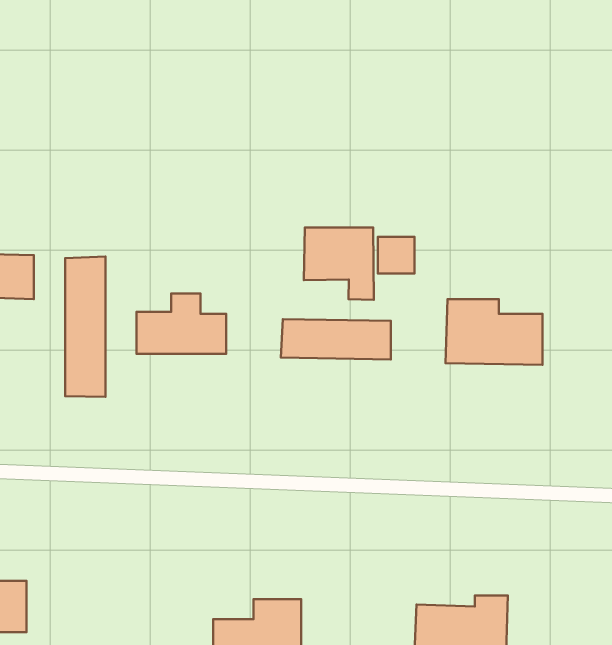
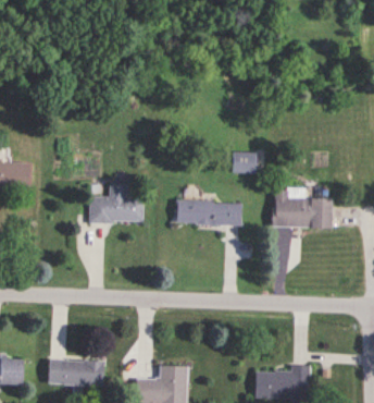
building: [304,227,374,300] -> none
building: [65,257,105,397] -> none
building: none -> [48,361,103,386]

